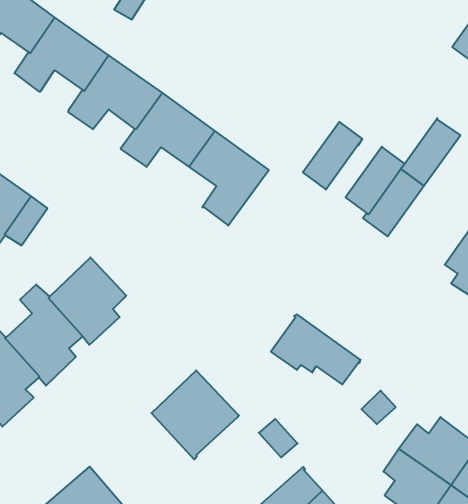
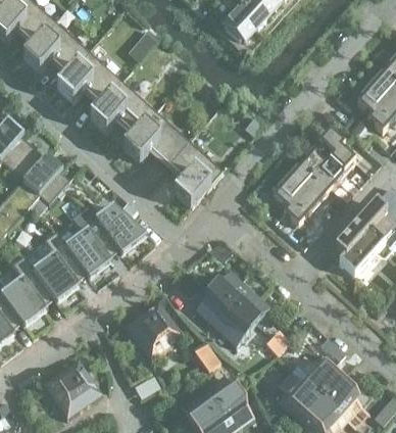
building: [303,122,362,190] -> [299,134,342,179]
building: none -> [93,206,142,253]
building: none -> [193,296,254,348]

